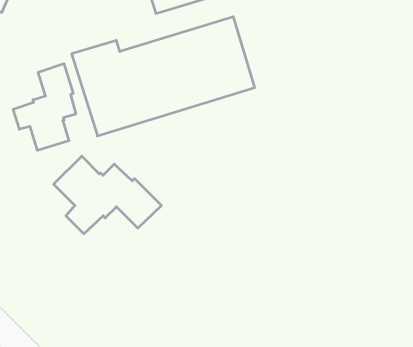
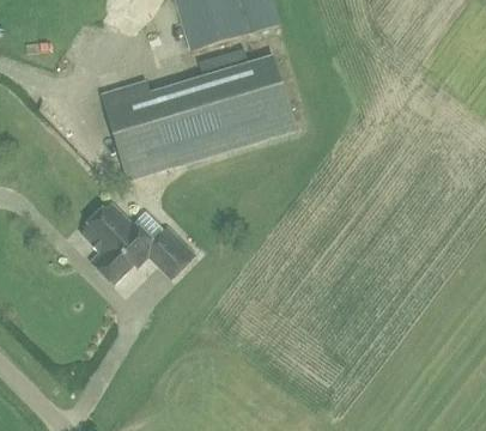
building: [13,64,76,150] -> none

